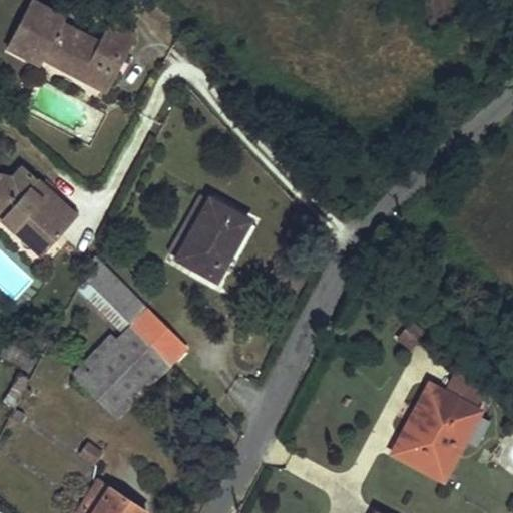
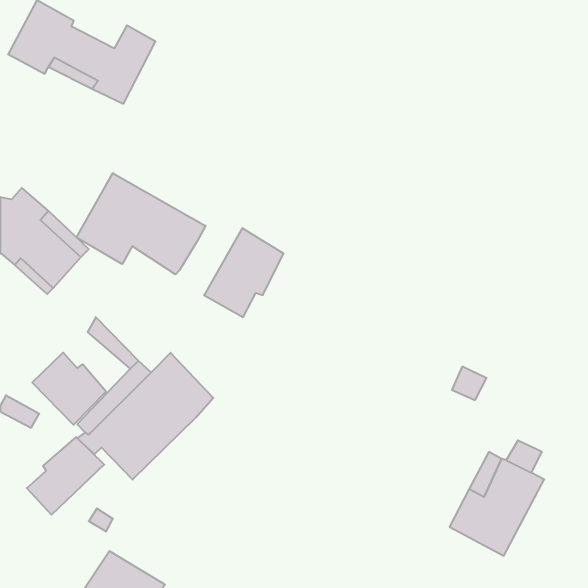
building: none -> [76,173,206,274]
building: none -> [32,353,106,425]
building: none -> [27,437,104,515]

